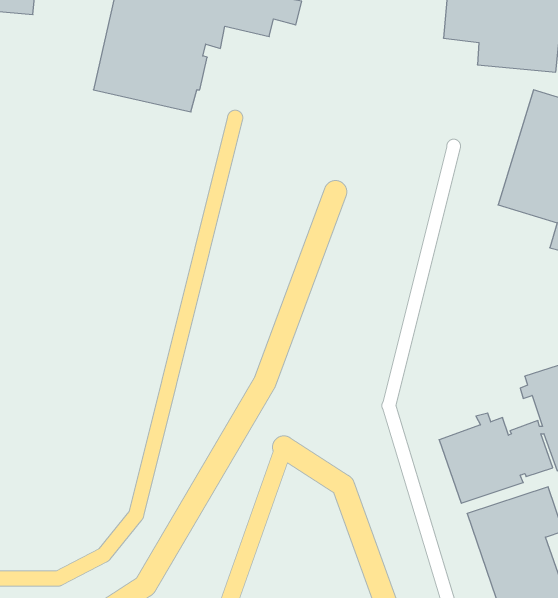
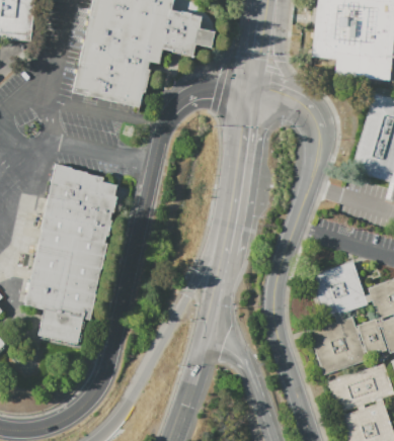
building: none -> [25,163,117,346]
building: none -> [309,262,368,319]

